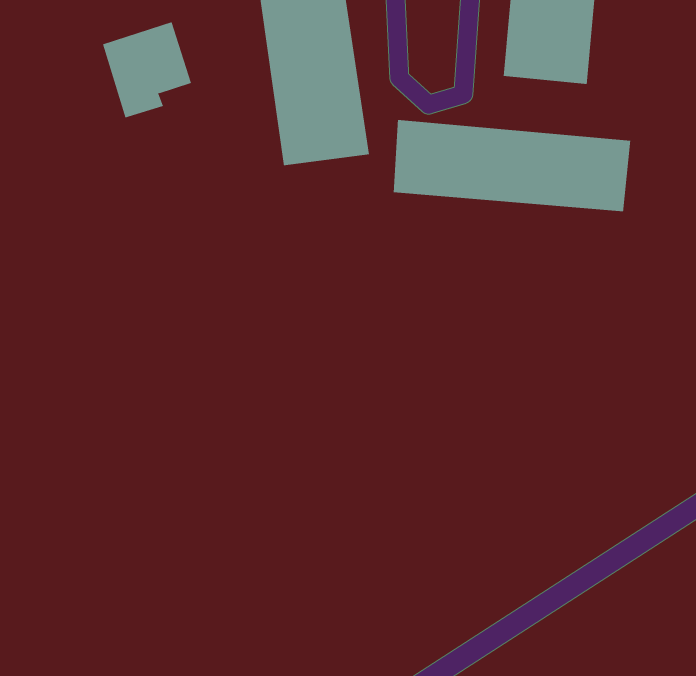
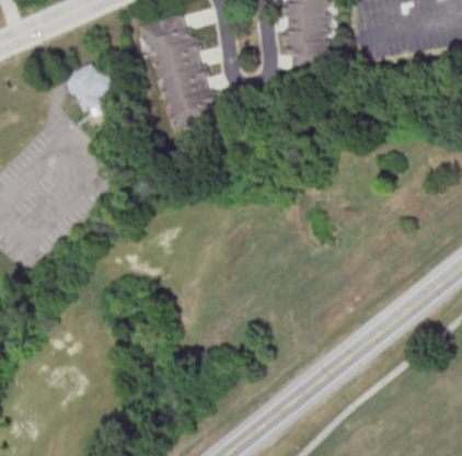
building: [393,119,631,212] -> none

